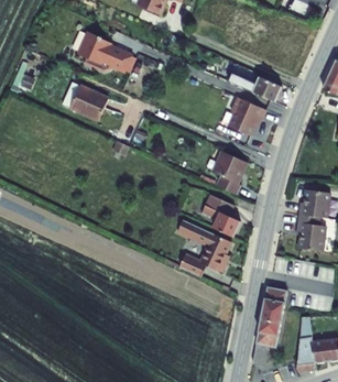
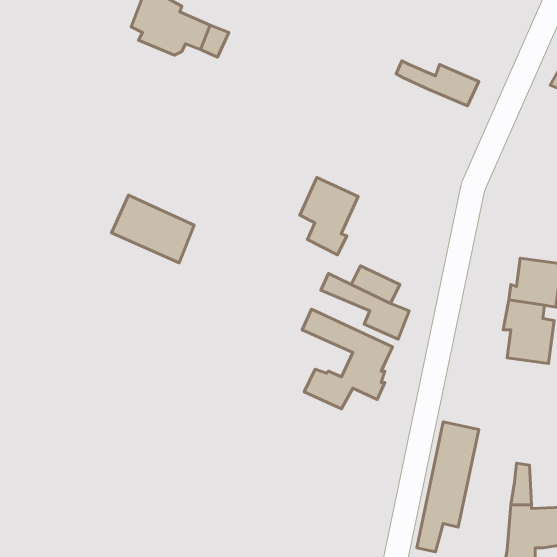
building: [62,80,110,120] -> [112,195,194,263]
building: [232,98,270,137] -> none
building: [215,149,249,194] -> [300,178,358,255]

